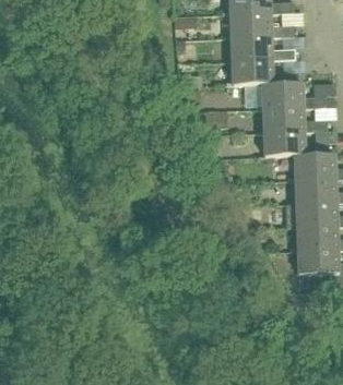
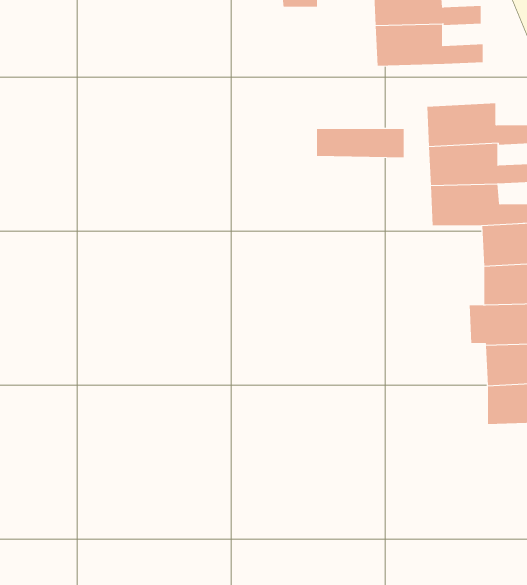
building: [232,60,296,85] -> none

